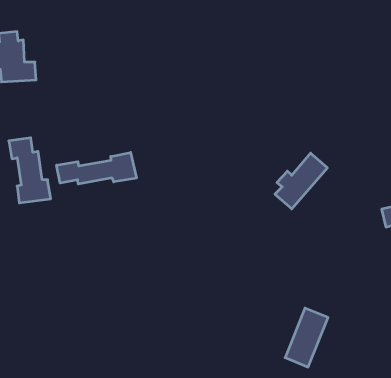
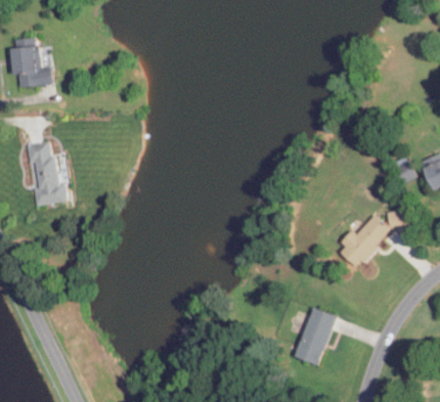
building: [57,152,136,184] -> none
building: [275,153,327,209] -> [339,214,390,268]

